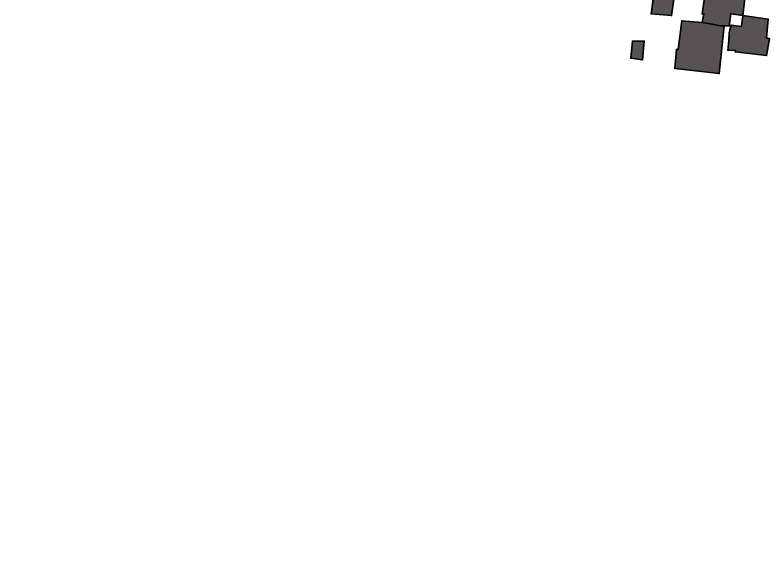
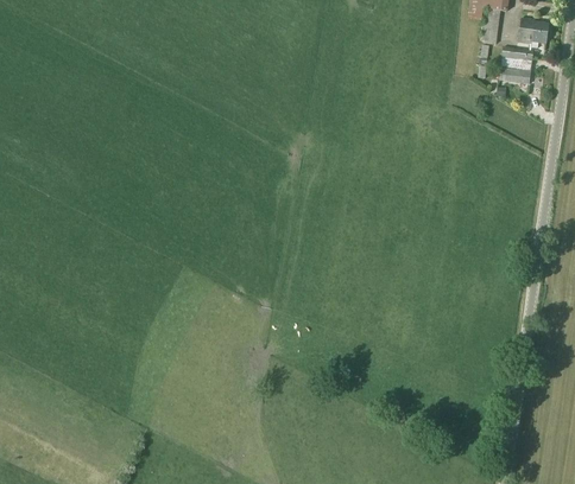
building: [728,16,769,56] -> none

